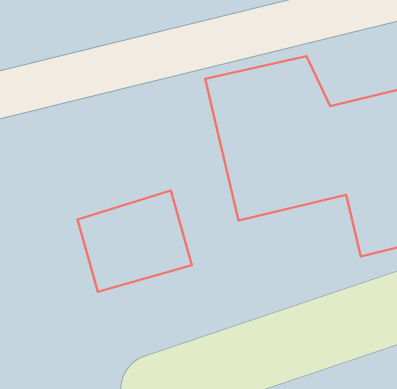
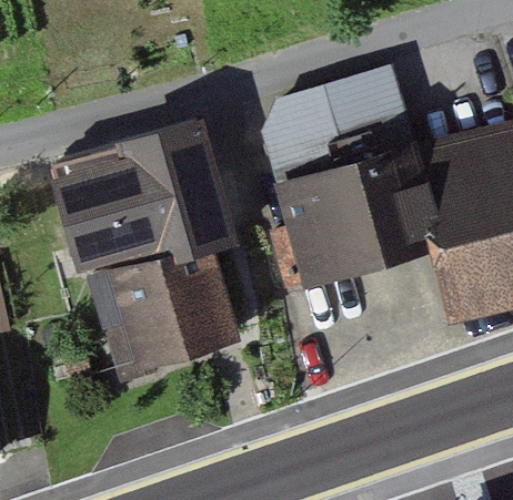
building: none -> [39,136,227,289]

